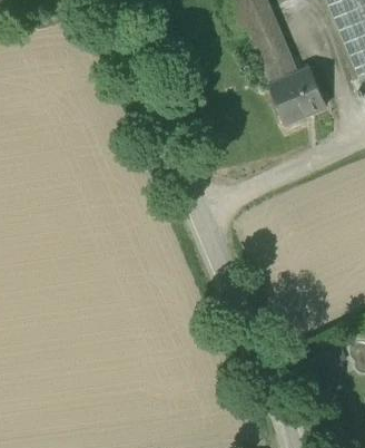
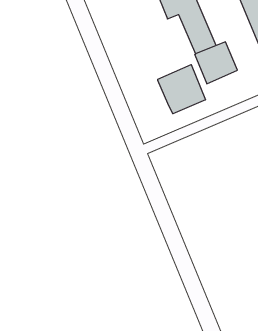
building: none -> [158,65,205,114]

